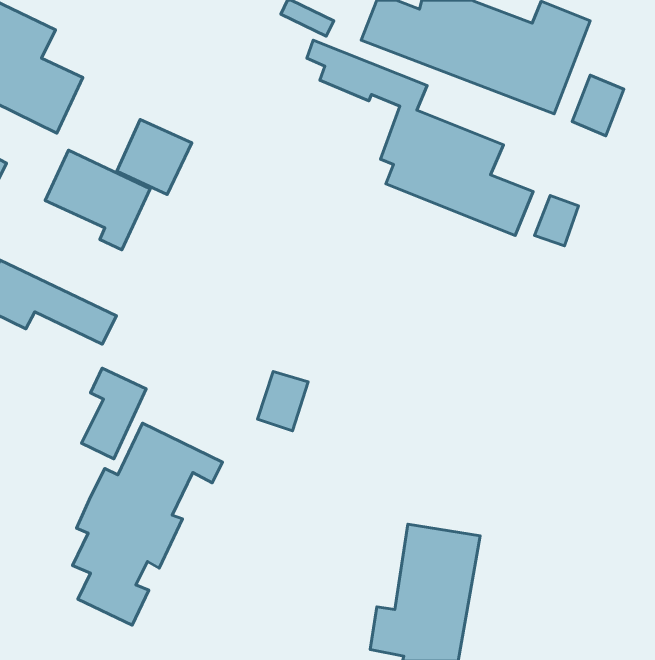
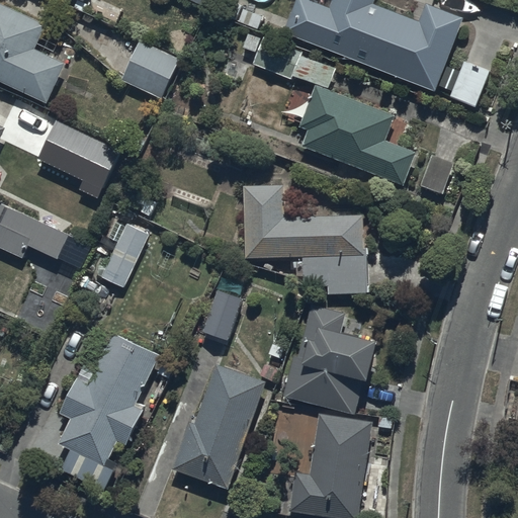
building: [117,119,192,195] -> [120,39,179,98]
building: none -> [242,185,367,294]
building: [81,368,146,459] -> [97,218,148,288]
building: none -> [282,306,380,415]
building: none -> [171,363,265,487]

